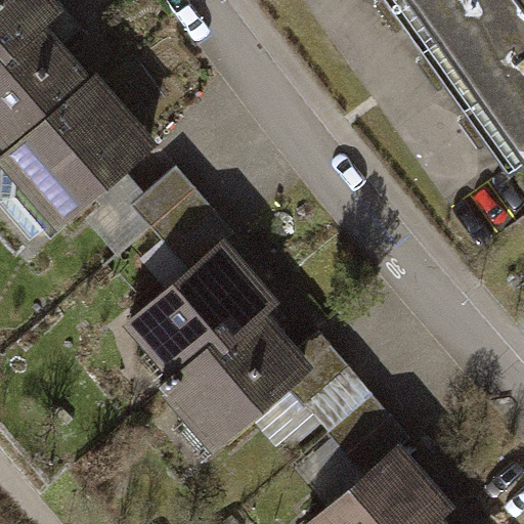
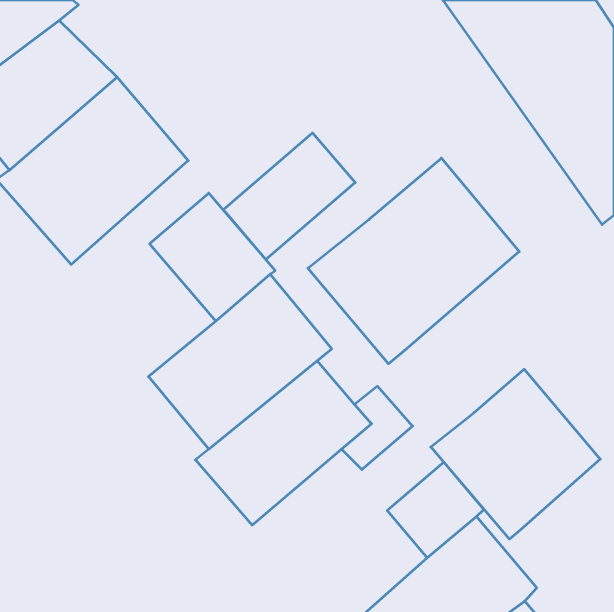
building: none -> [223,133,355,259]
building: none -> [308,158,519,364]
building: none -> [431,369,600,539]

